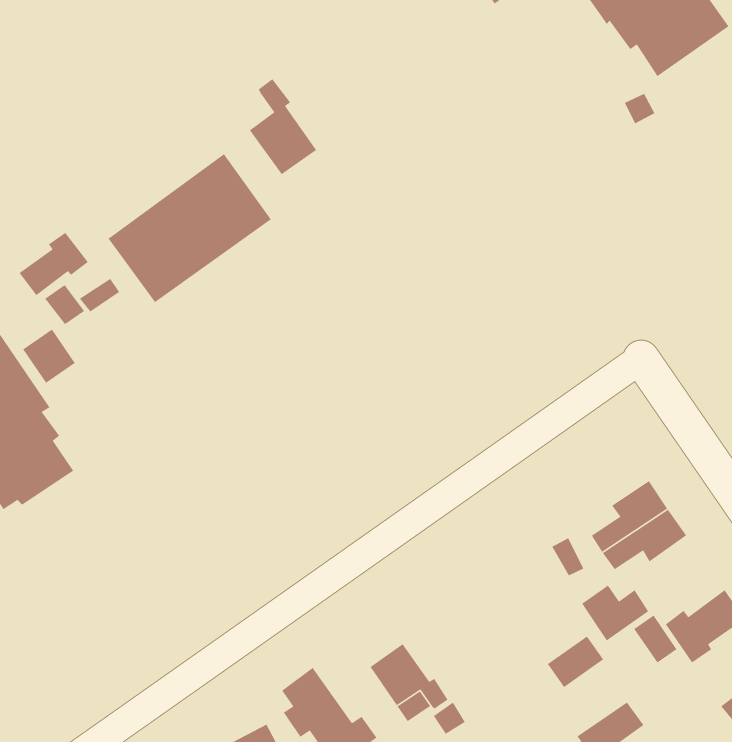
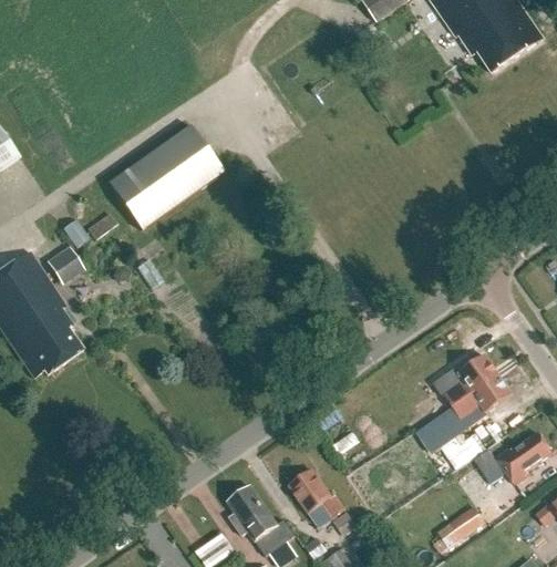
building: [249,78,317,175] -> none
building: [18,232,89,296] -> none
building: [547,635,604,688] -> none

